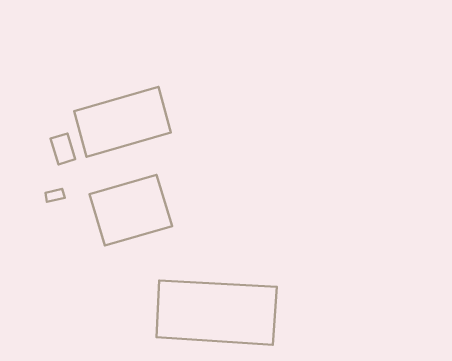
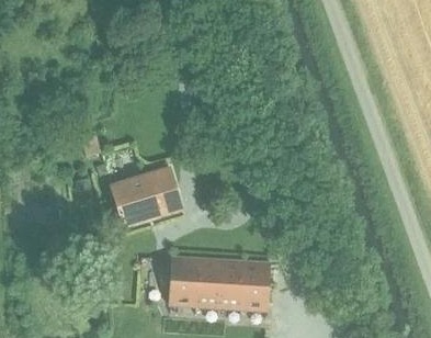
building: [74,87,171,157] -> none

